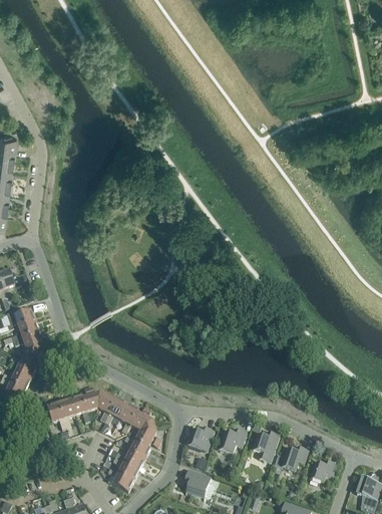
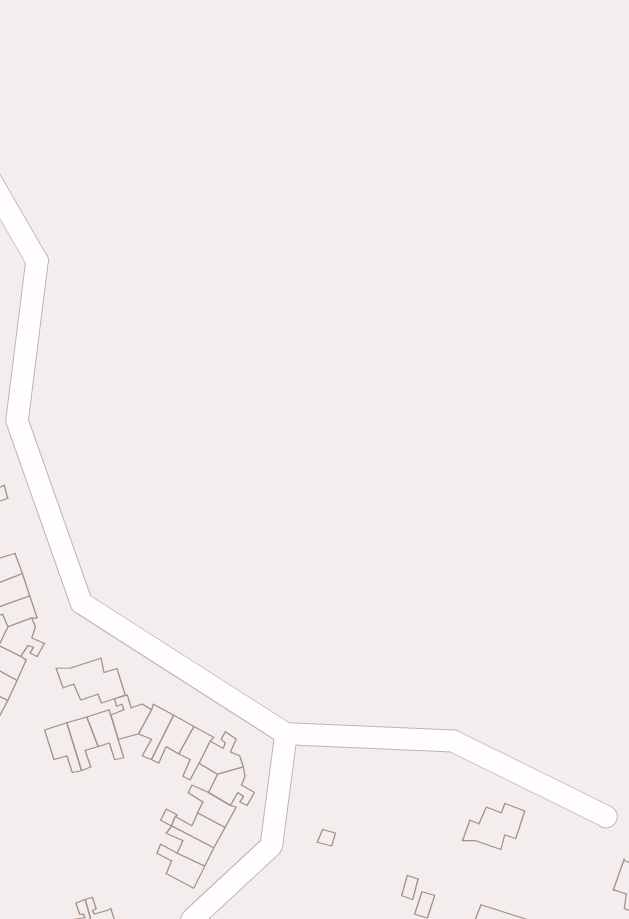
building: none -> [56,658,125,703]
building: [186,427,214,452] -> none
building: [218,429,246,453] -> none
building: [252,432,279,462] -> none
building: [309,460,336,483] -> none
building: [183,469,211,497] -> none

